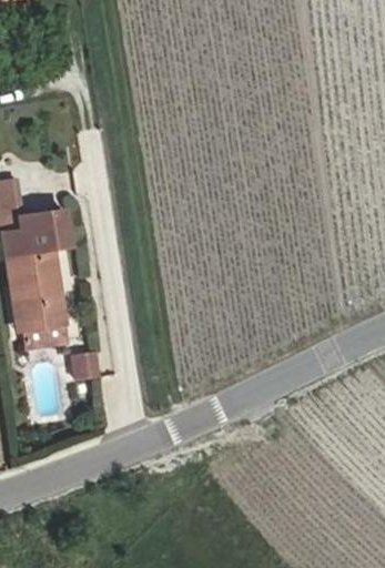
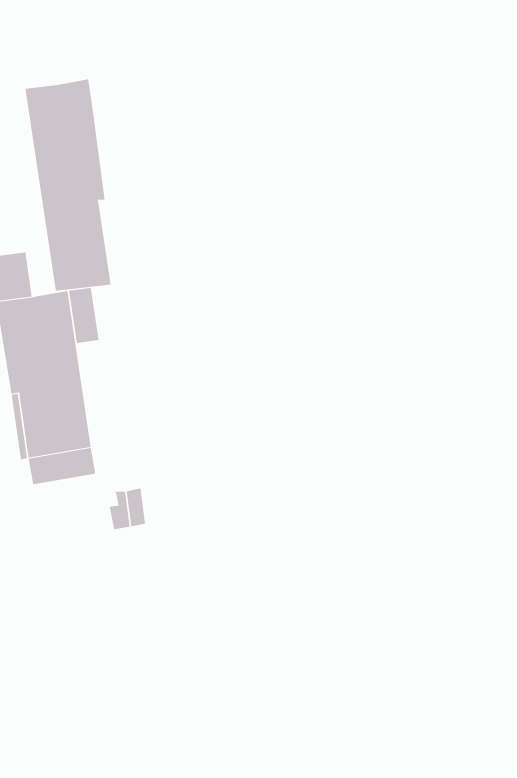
building: none -> [25,79,111,292]

